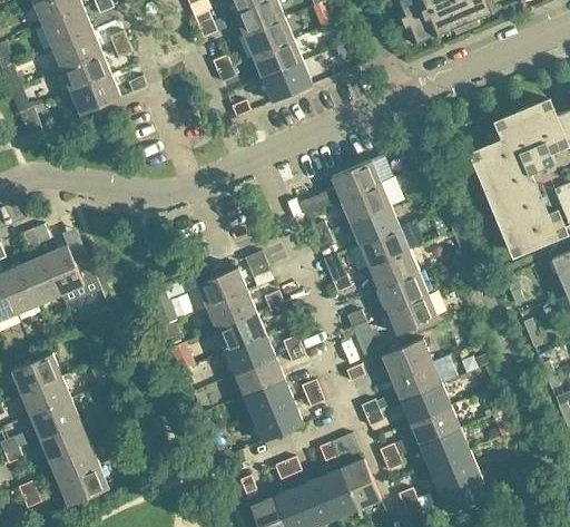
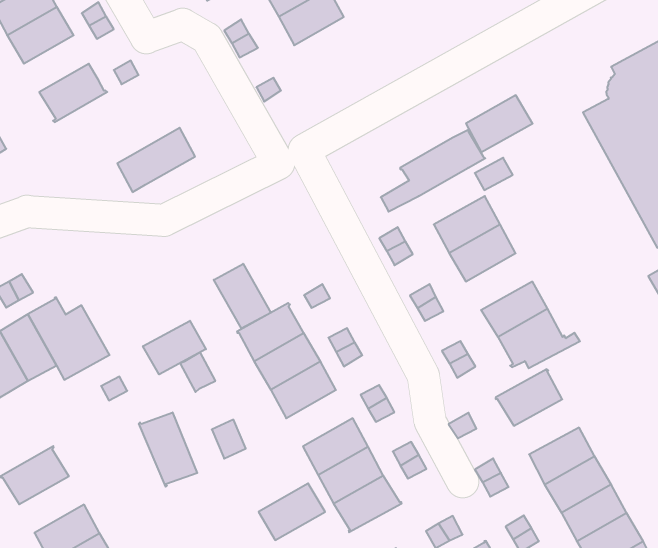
building: [52,52,110,96] -> [117,128,195,192]
building: [263,61,313,101] -> none
building: [342,183,391,222] -> [466,95,533,152]
building: none -> [214,264,271,329]
building: [370,250,419,289] -> none
building: none -> [143,321,206,374]
building: [226,335,275,374] -> [259,483,325,540]
building: none -> [139,412,197,487]
building: [393,361,441,399] -> none
building: [22,377,70,416] -> none

